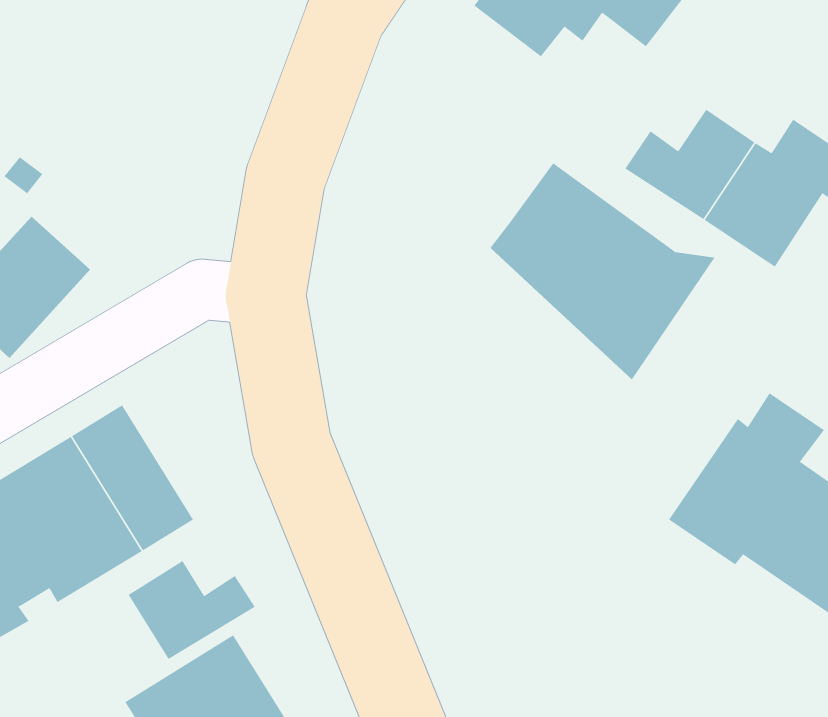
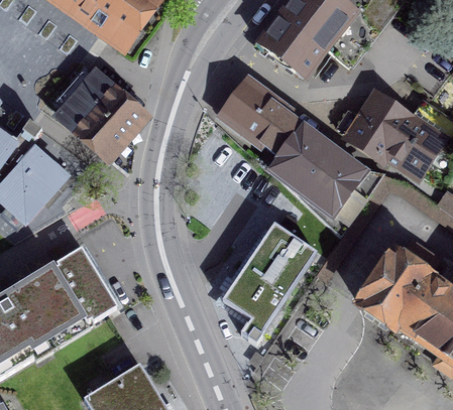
building: none -> [43,58,142,155]
building: none -> [221,82,300,152]
building: none -> [221,222,316,341]
building: [128,560,255,660] -> none

